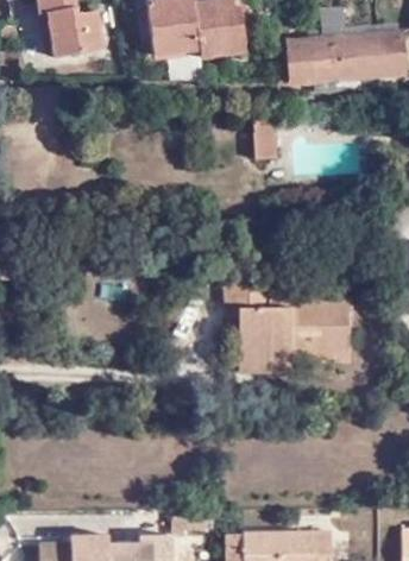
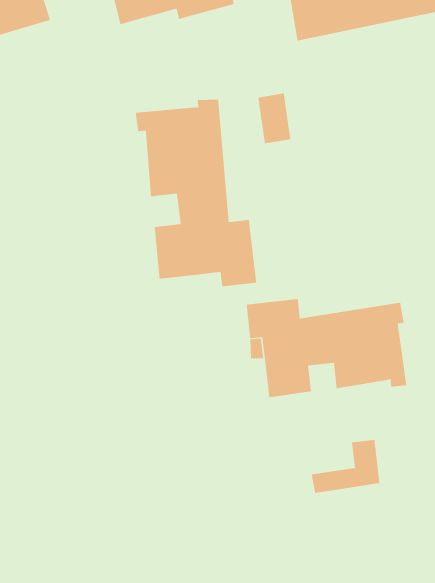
building: none -> [135,99,257,287]
building: [238,336,291,373] -> [311,439,380,494]

